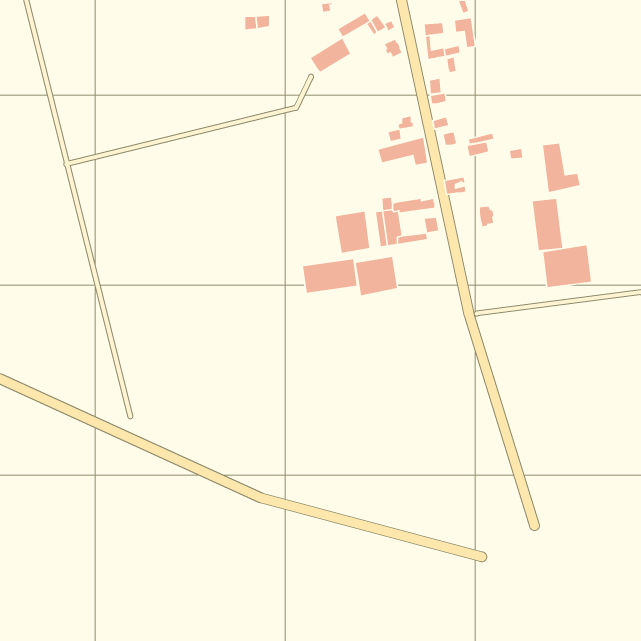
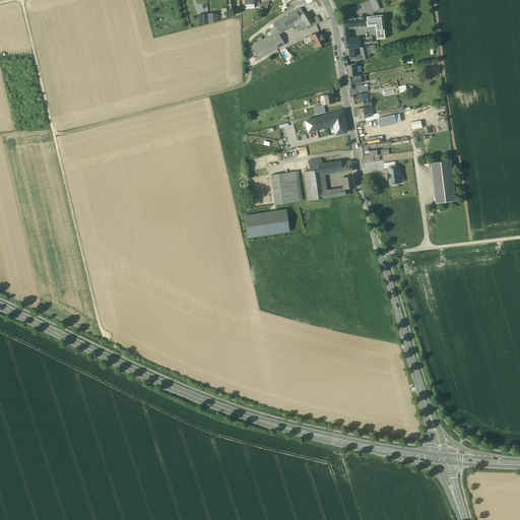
building: [542,143,580,193] -> none
building: [542,245,592,288] -> none
building: [355,256,398,296] -> none

